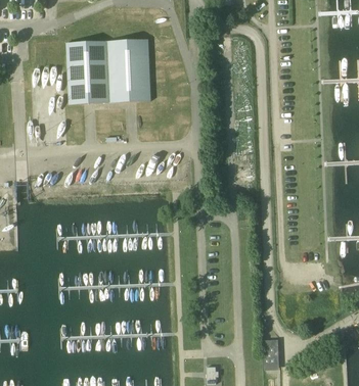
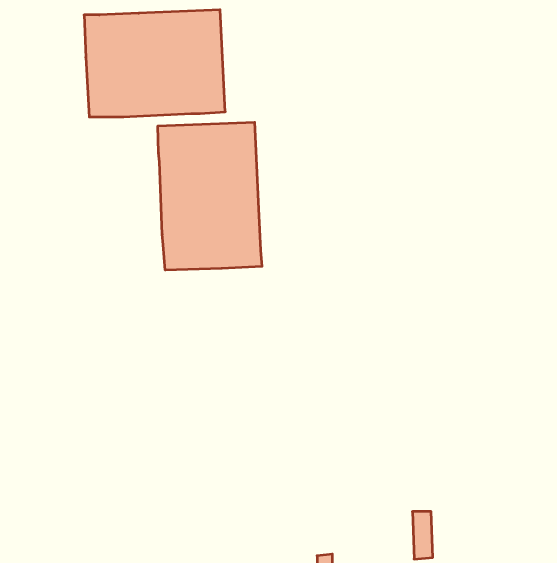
building: none -> [158,122,262,270]

